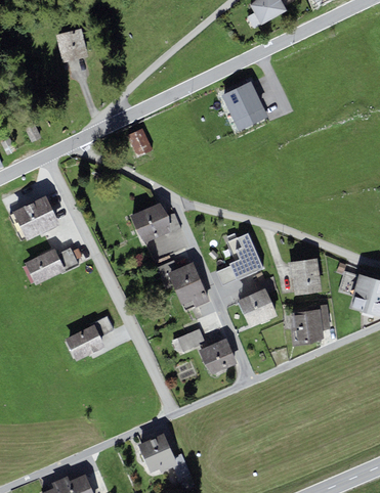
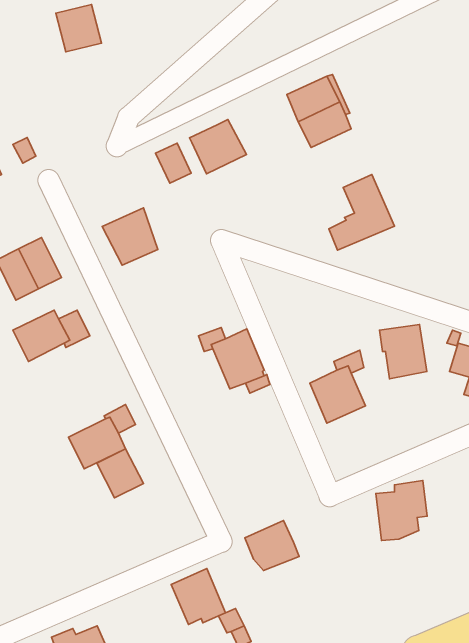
building: none -> [189,120,246,174]
building: [129,201,169,242] -> [102,208,158,265]
building: [216,232,263,286] -> [329,175,395,250]
building: [292,303,329,346] -> [376,481,427,540]
building: [170,328,205,354] -> none
building: [198,338,237,373] -> [245,521,299,571]
building: none -> [97,449,144,498]

